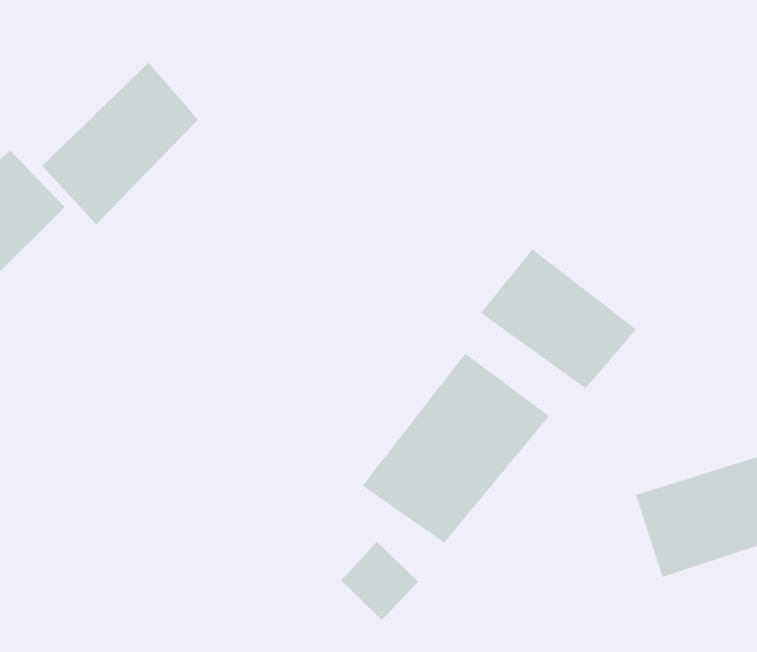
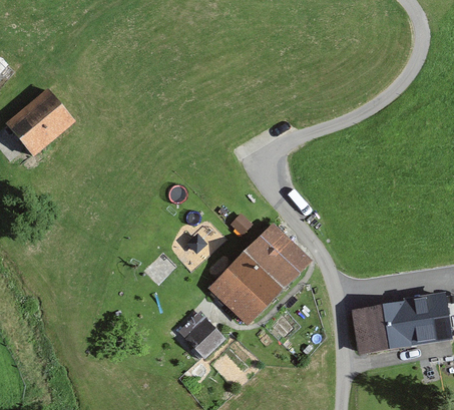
building: [41,62,199,225] -> none
building: [480,248,637,389] -> none

